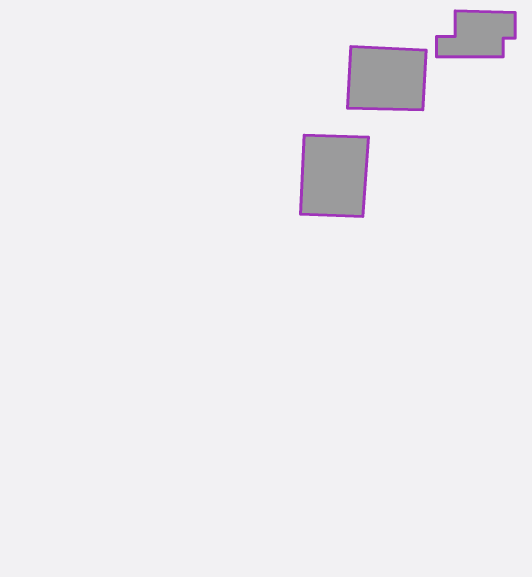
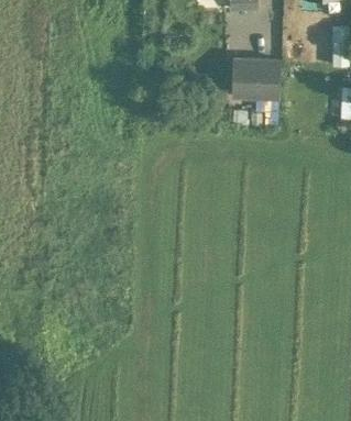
building: [300,135,368,216] -> none

